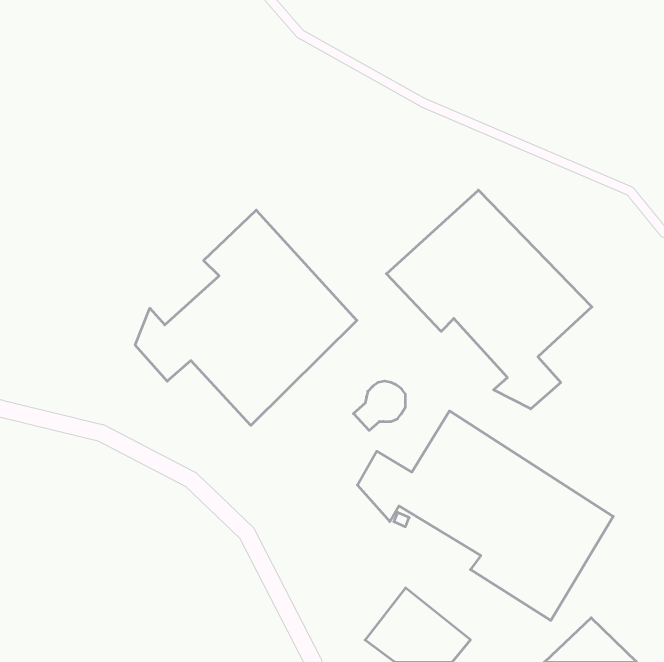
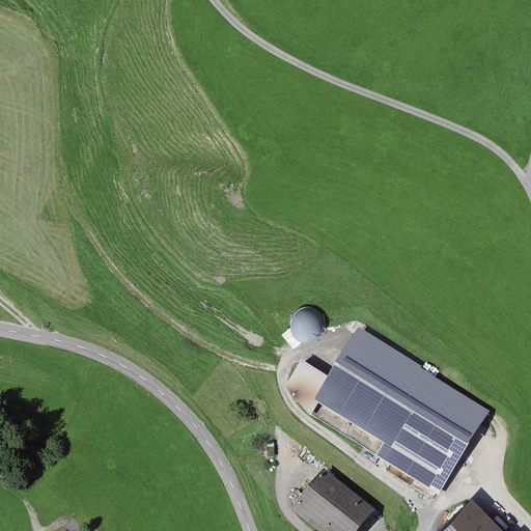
building: [386,190,592,409] -> none
building: [135,210,357,425] -> none

